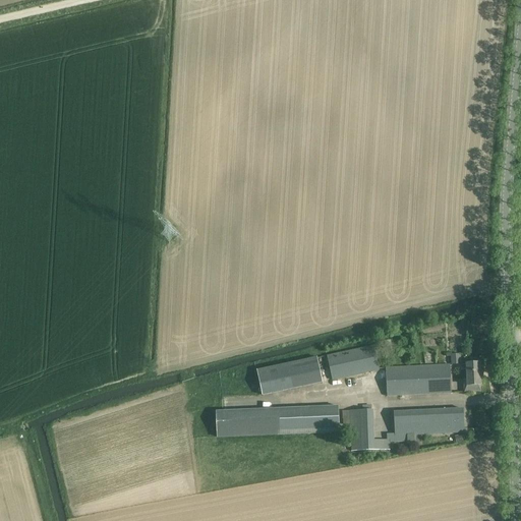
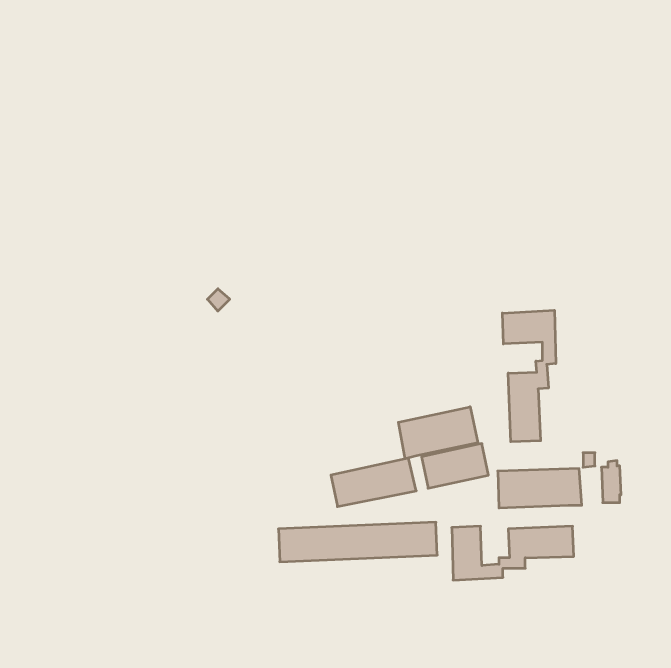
building: none -> [502,310,556,442]
building: none -> [398,407,478,459]
building: [444,407,463,431] -> none

